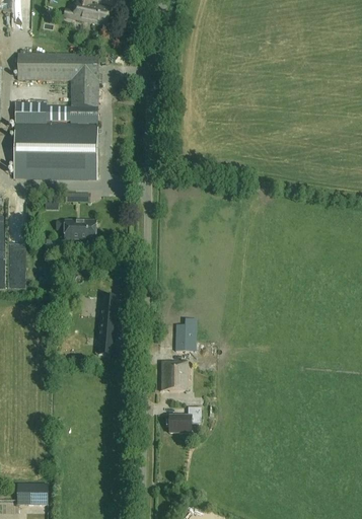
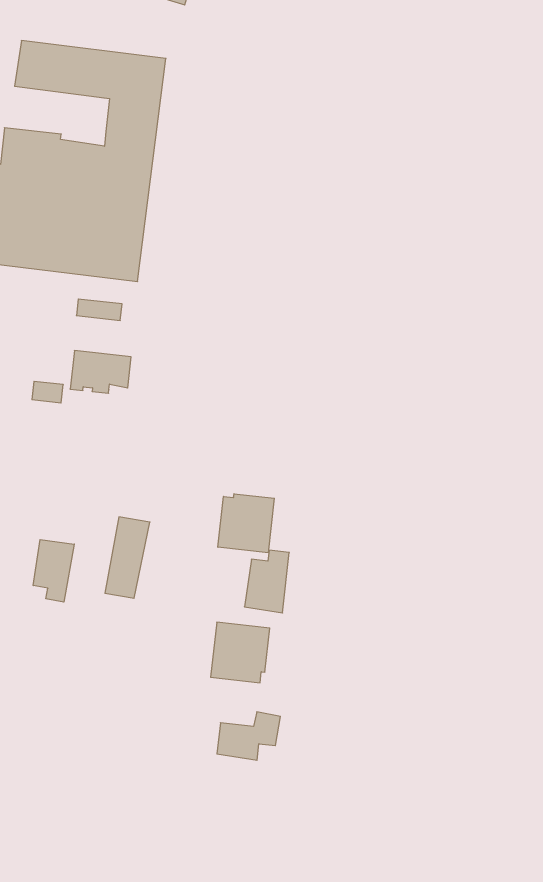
building: none -> [218,494,274,553]
building: none -> [33,540,74,602]

